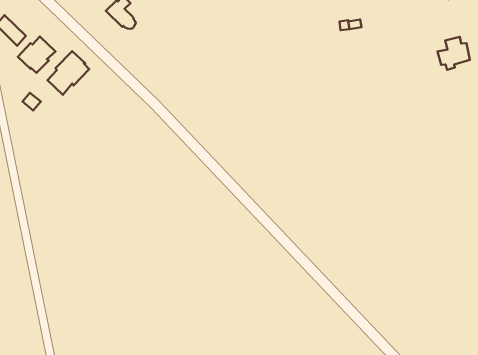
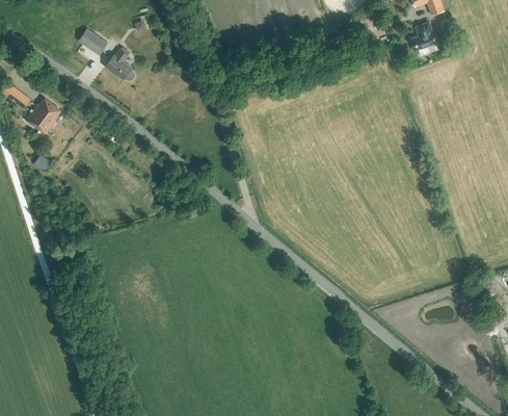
building: [437,37,470,70] -> [408,21,440,54]
building: [47,51,89,95] -> none

